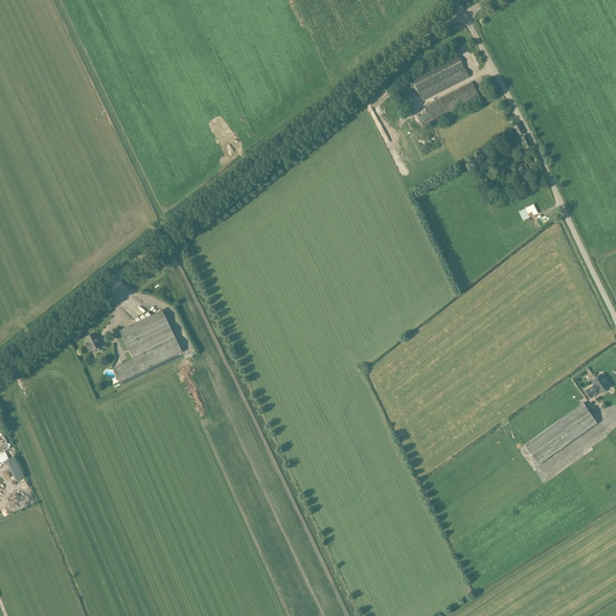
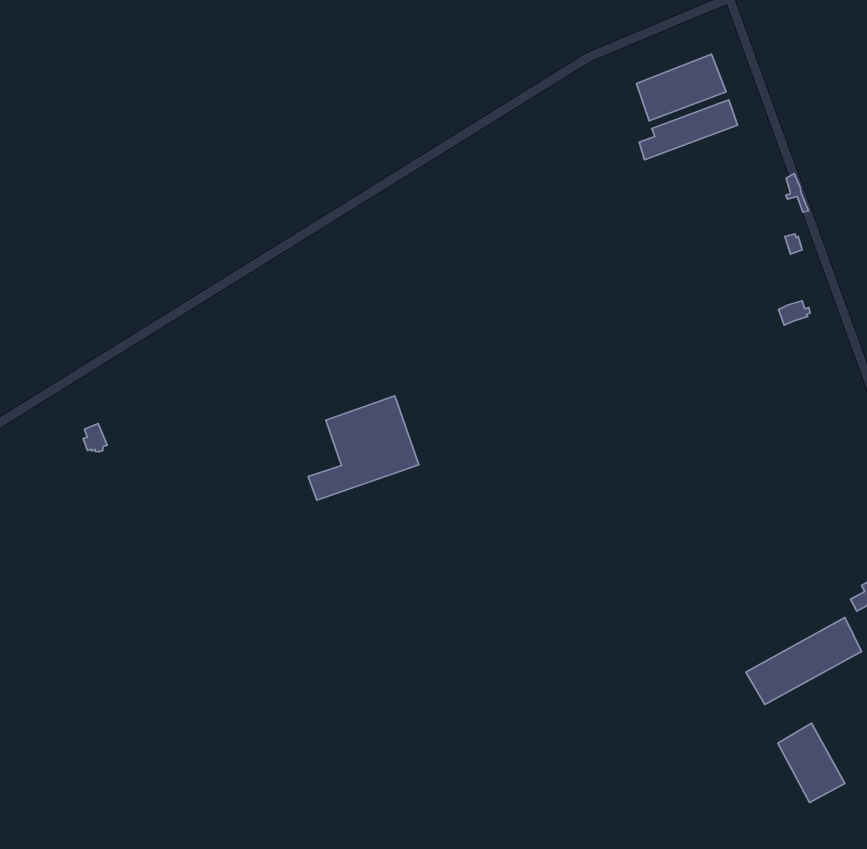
building: [112,309,182,381] -> [308,396,419,500]
building: none -> [778,723,845,802]

